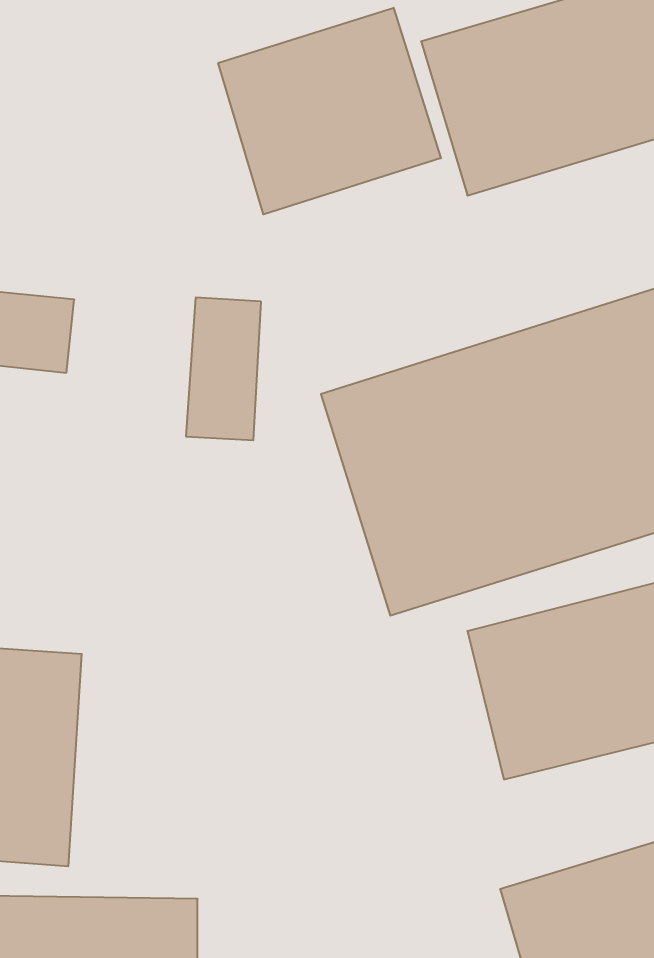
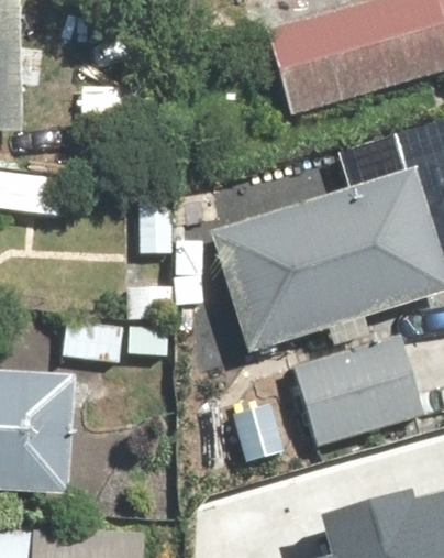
building: [218,8,441,214] -> none

